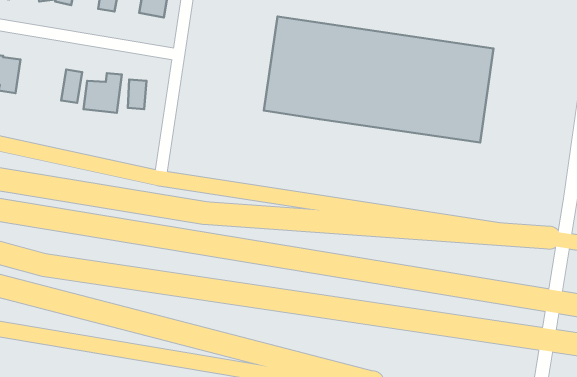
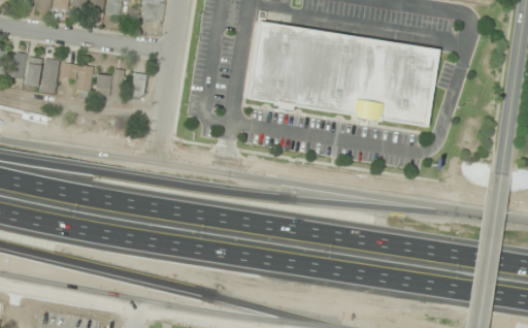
building: none -> [41,58,59,93]

